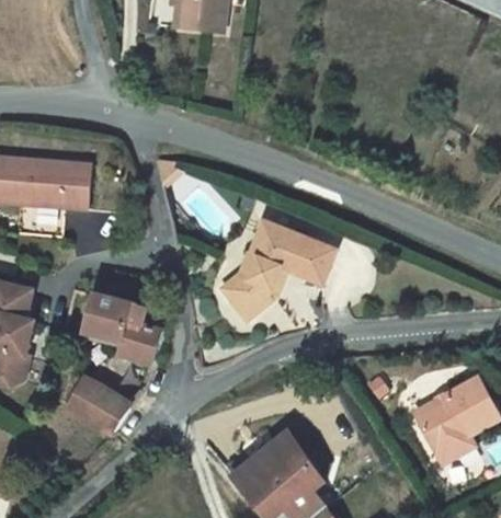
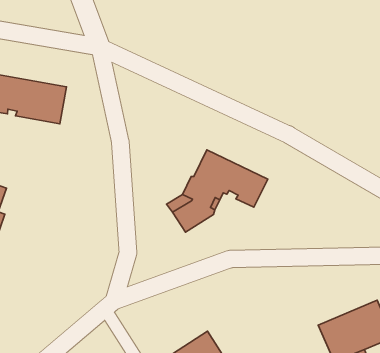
building: [77,289,161,366] -> none
building: [60,375,133,435] -> none

